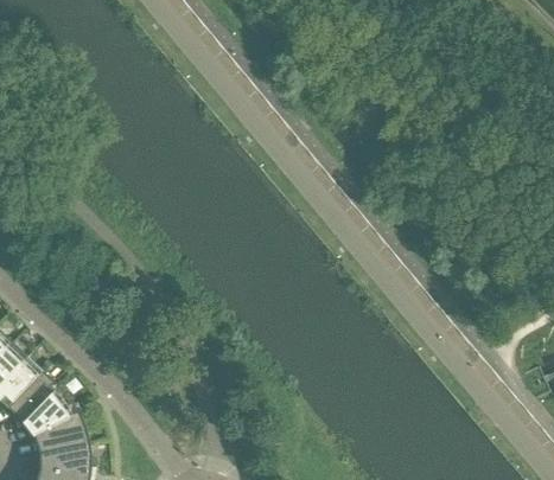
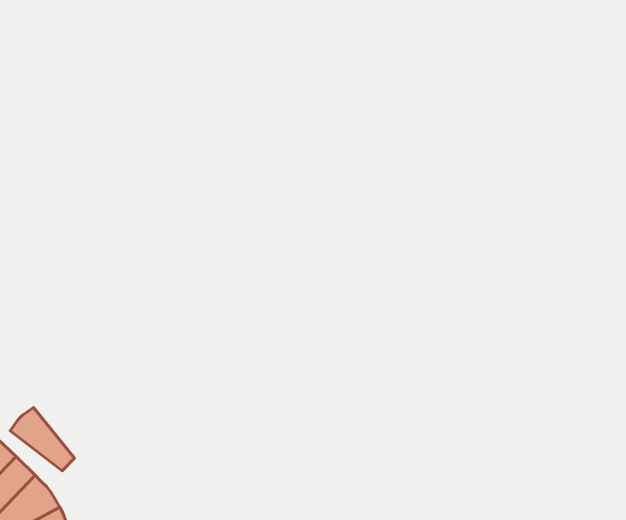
building: none -> [10,407,75,471]

